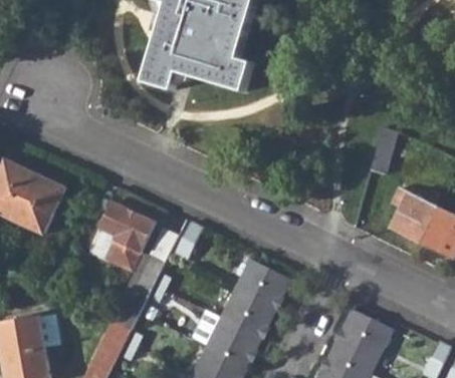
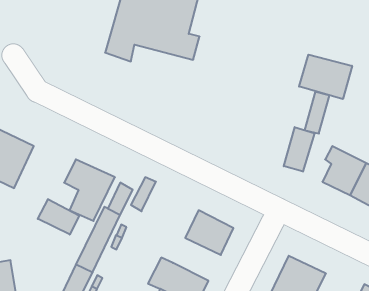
building: none -> [299,55,352,99]
building: none -> [284,127,315,172]
building: none -> [38,199,79,235]
building: [220,290,274,338] -> none

